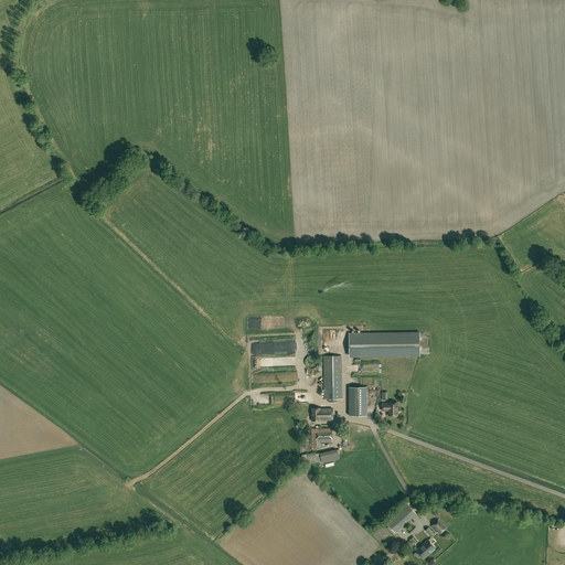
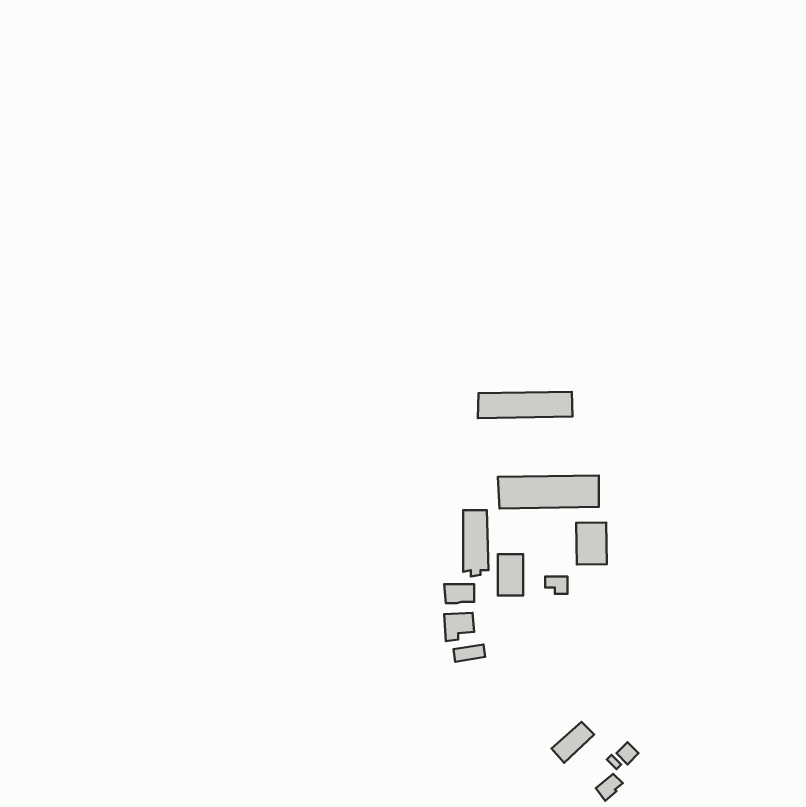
building: none -> [478,392,573,418]
building: none -> [576,522,607,565]

